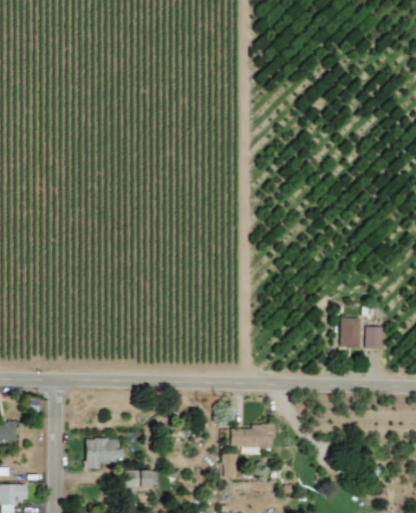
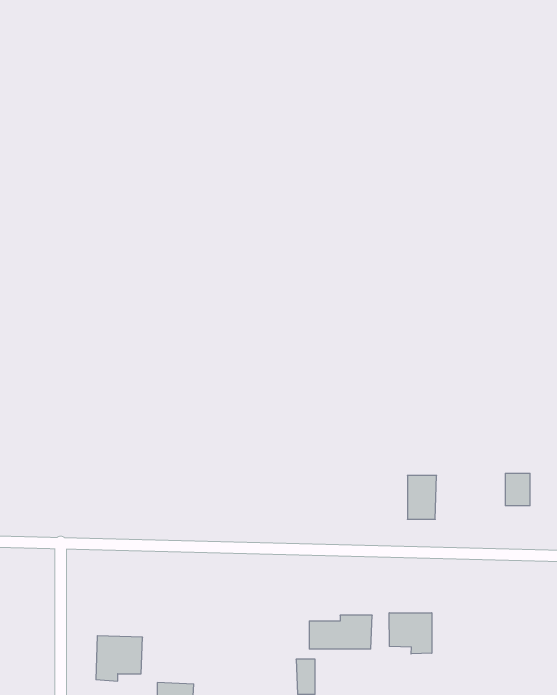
building: [341,318,361,348] -> [407,475,437,519]
building: none -> [389,613,432,654]

